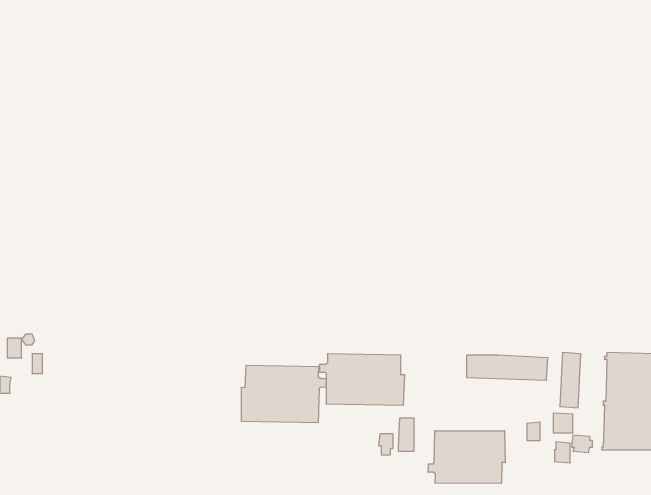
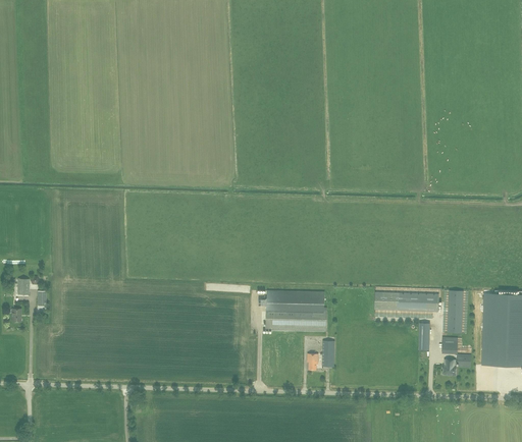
building: [241,365,326,423] -> none
building: [428,431,505,483] -> none

